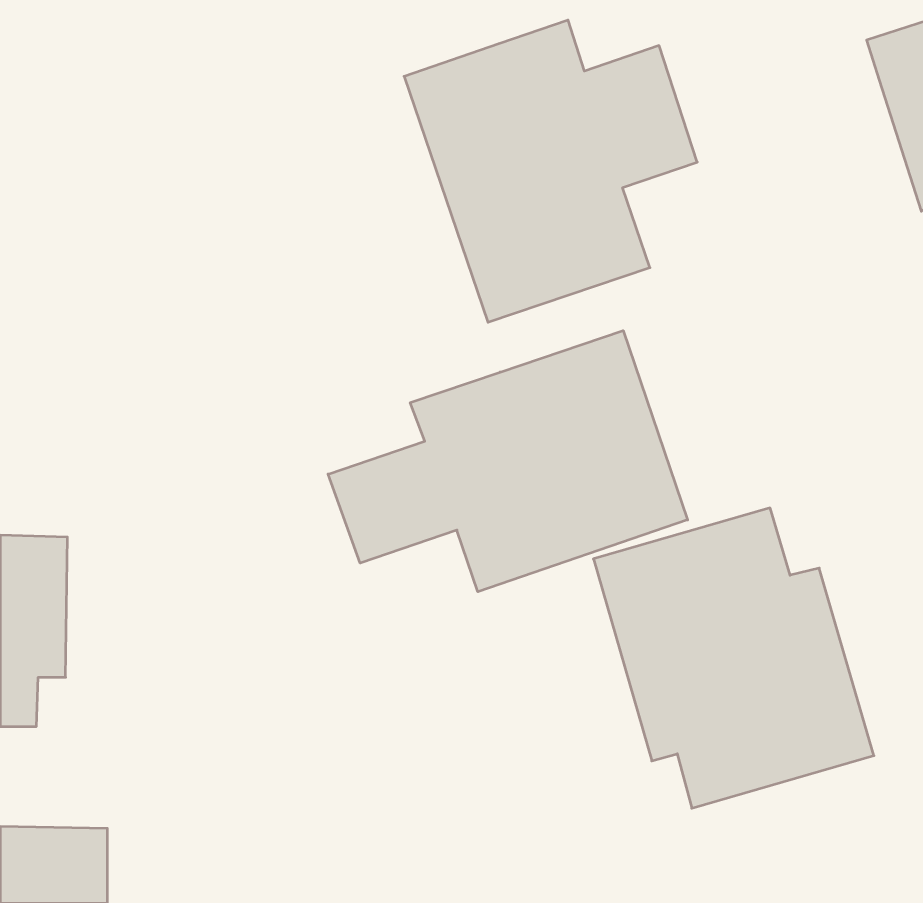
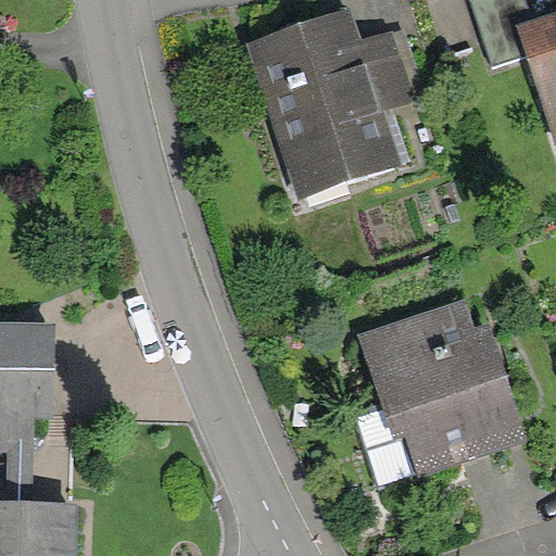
building: [328,331,688,592] -> none

